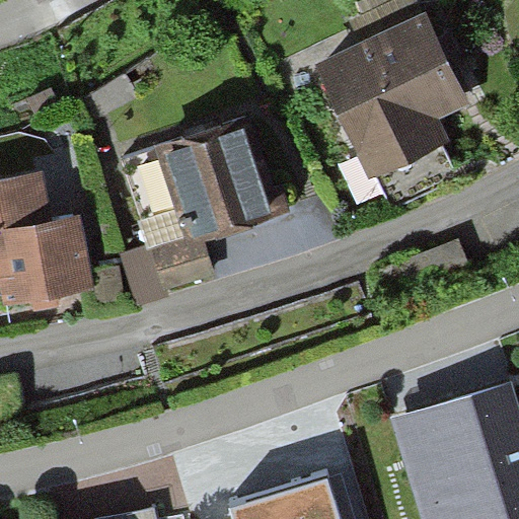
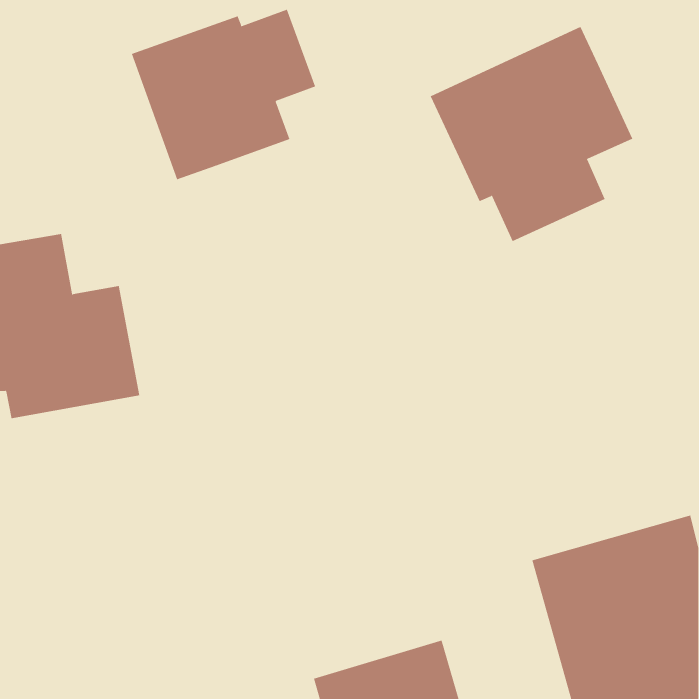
building: none -> [131,9,316,180]
building: [122,116,280,253] -> none

